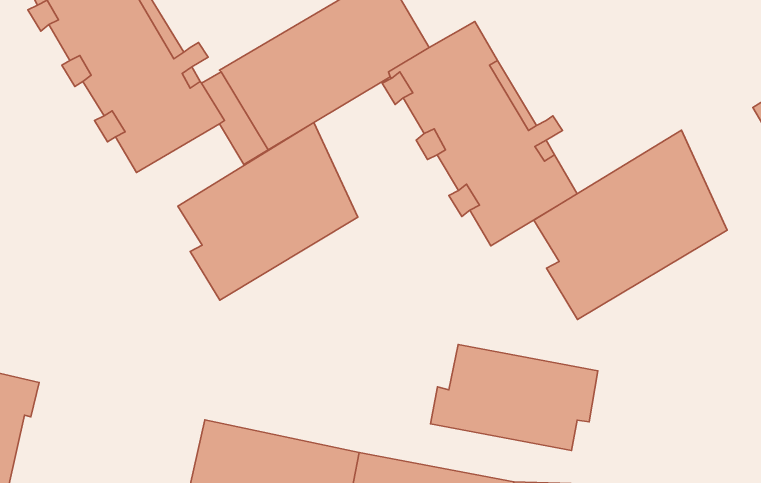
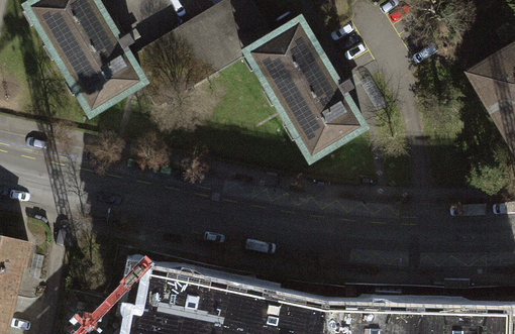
building: [178,122,358,300] -> none
building: [534,130,727,319] -> none
building: [430,345,598,450] -> none

